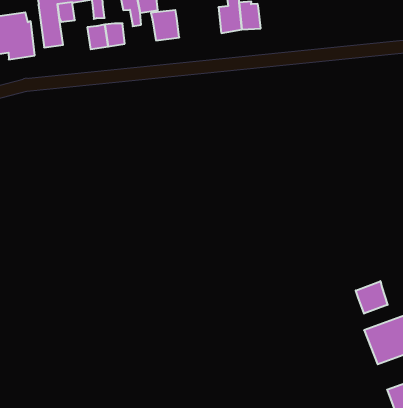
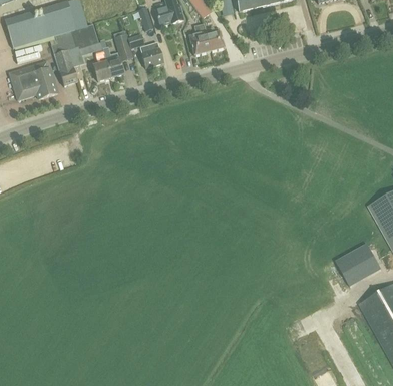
building: [356,281,388,314] -> none

